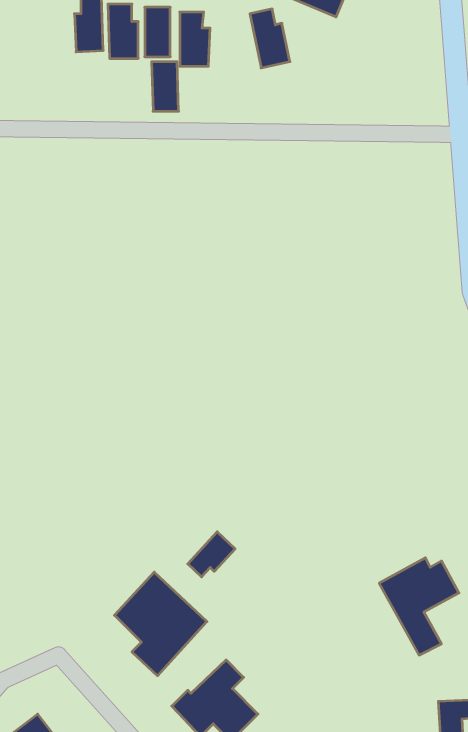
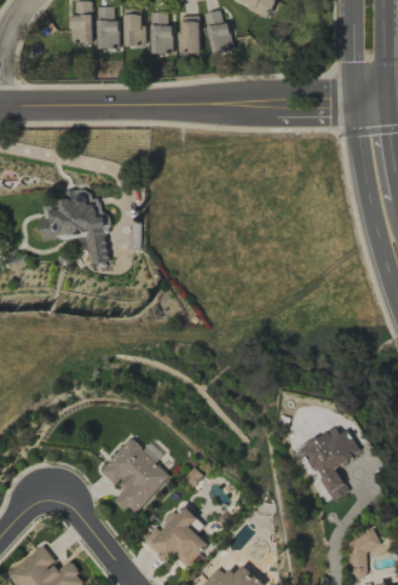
building: [152,62,179,111] -> [179,16,200,53]
building: none -> [39,189,108,266]
building: [188,532,235,577] -> none

